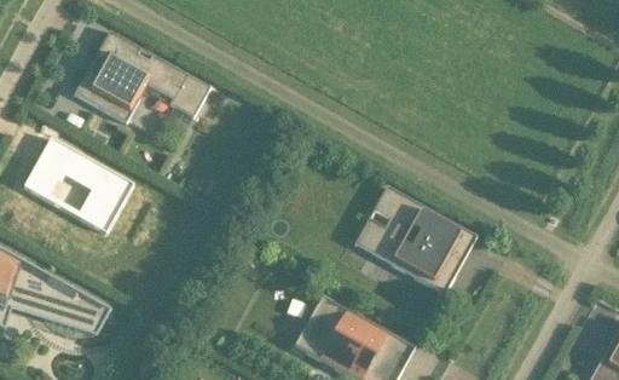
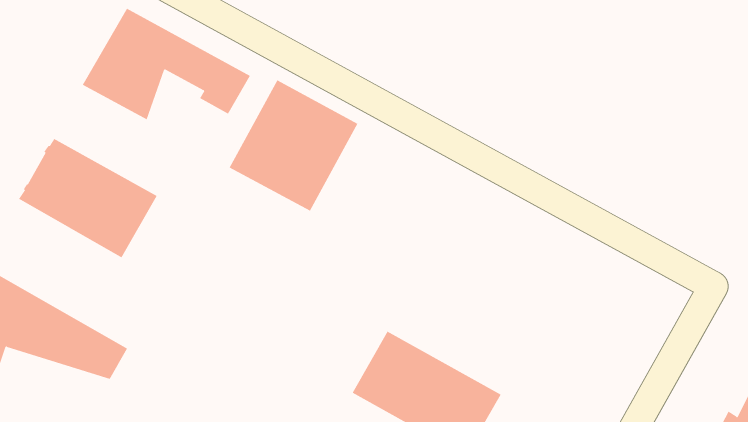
building: none -> [229,80,358,212]
building: [370,186,476,295] -> none

